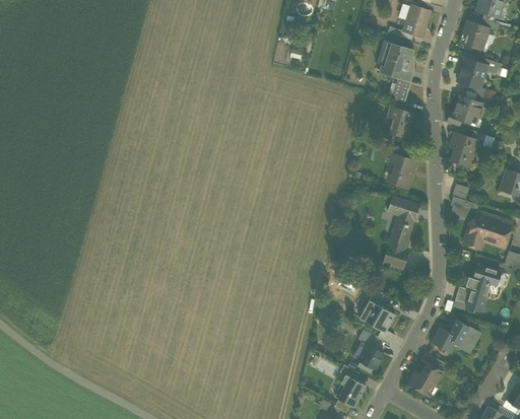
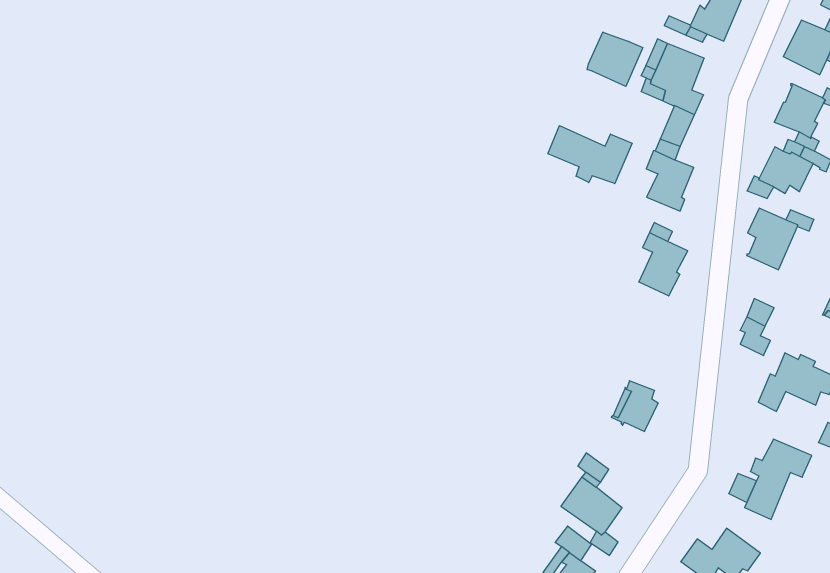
building: none -> [587,32,643,86]
building: none -> [548,126,632,184]
building: [388,196,419,245] -> none

